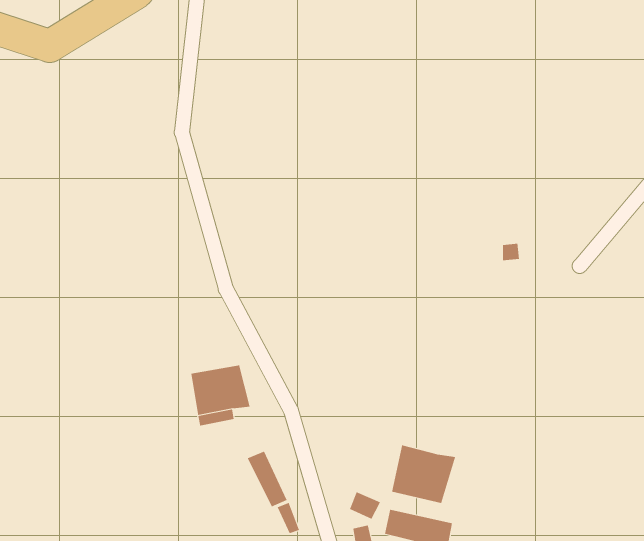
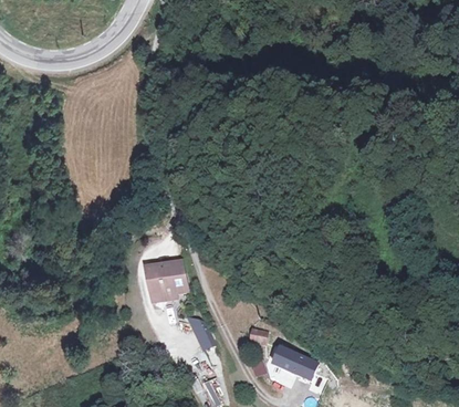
building: [391,445,456,504] -> none

